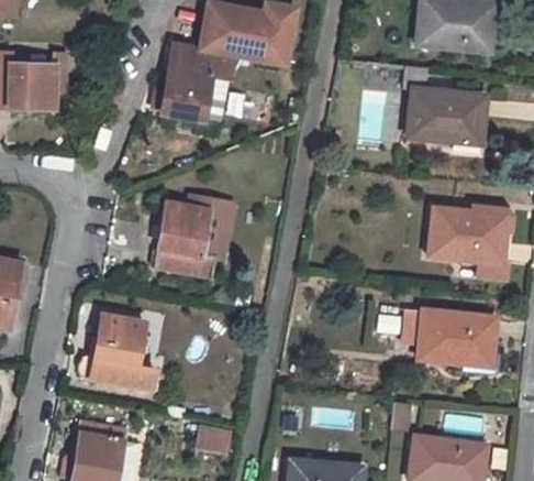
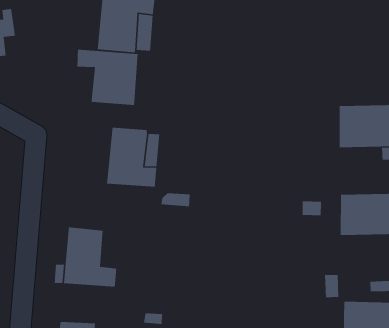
building: [407,87,486,144] -> none
building: none -> [76,49,139,106]

